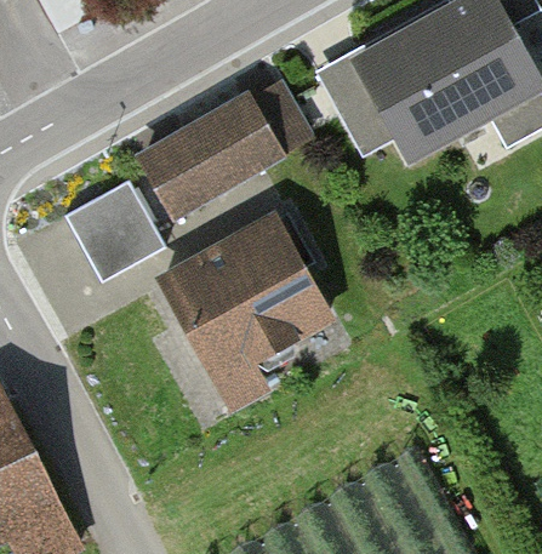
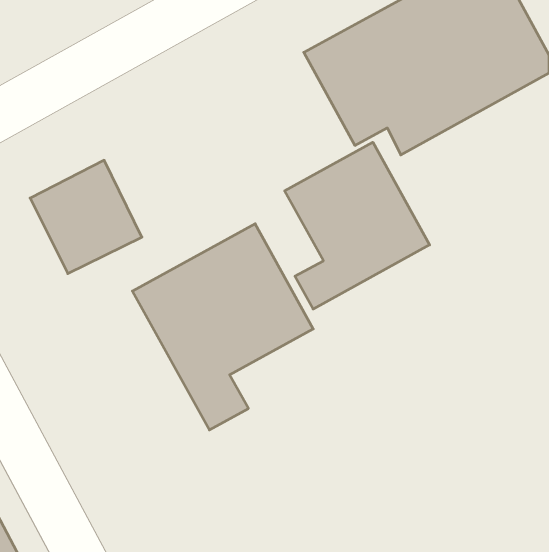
building: [138,101,273,218] -> none
building: none -> [285,142,430,309]

